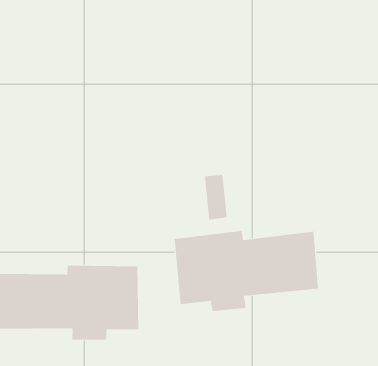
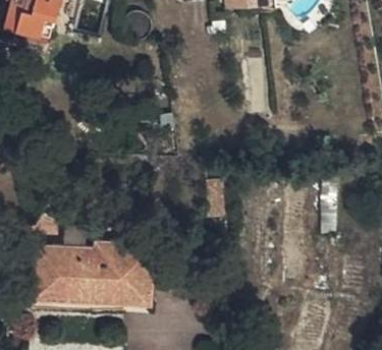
building: [174,230,318,312] -> none

